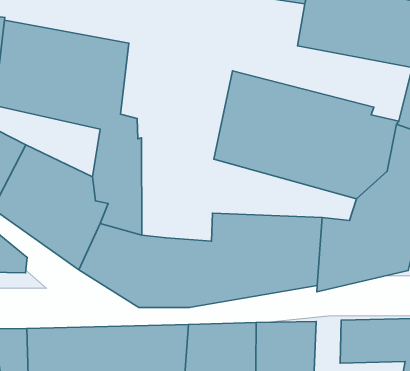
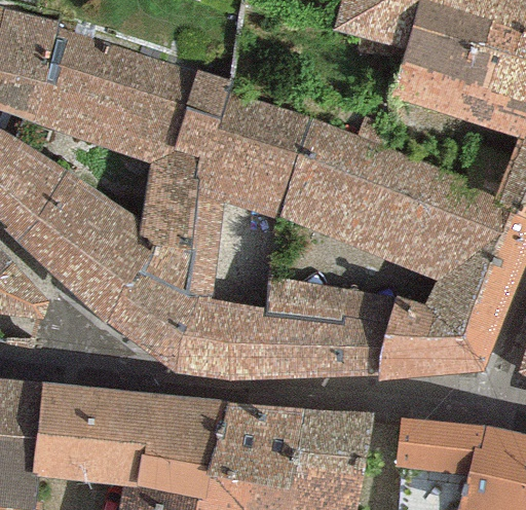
building: none -> [177,70,311,298]

